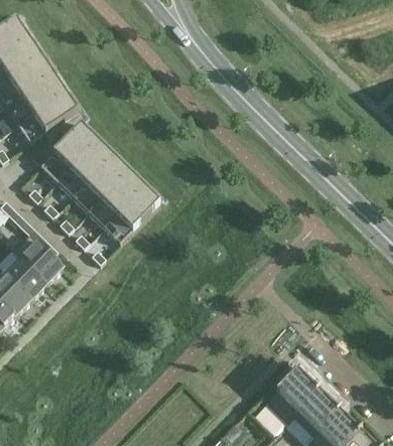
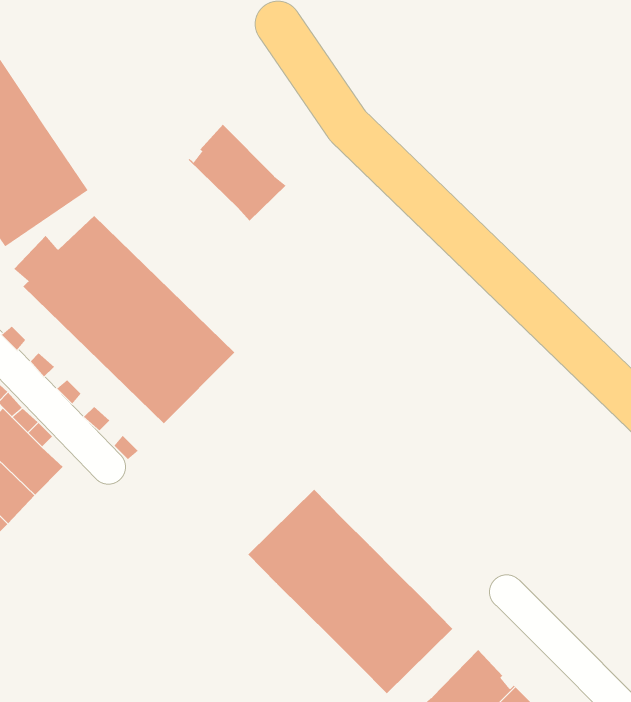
building: none -> [188,124,286,222]
building: none -> [248,489,453,694]

